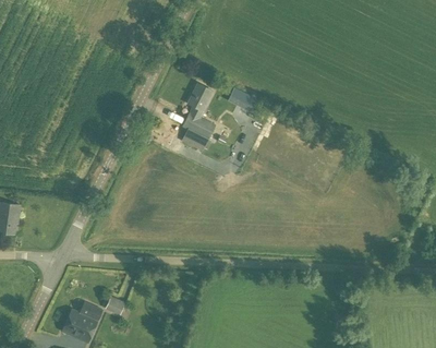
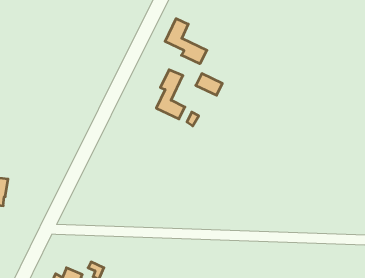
building: none -> [165,19,207,64]

